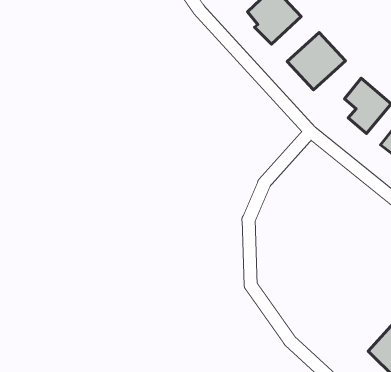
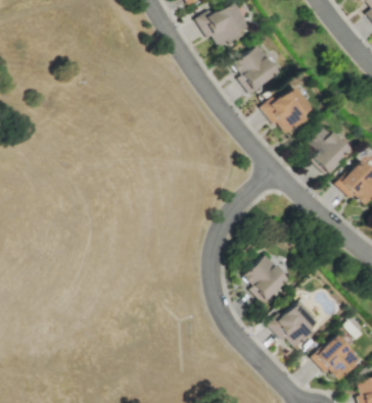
building: none -> [243,255,289,302]
building: none -> [271,299,321,349]

